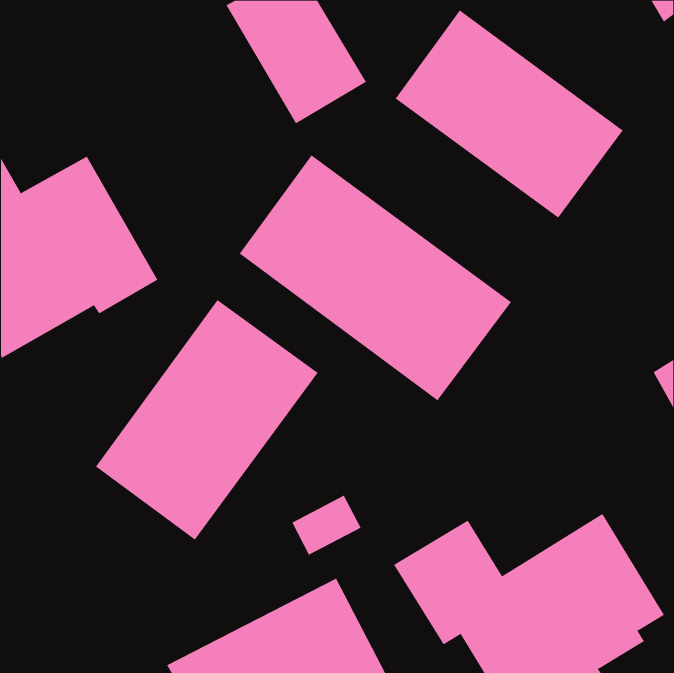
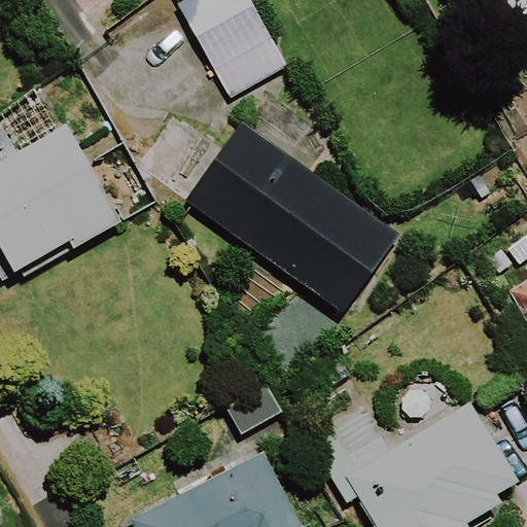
building: [395,9,624,219] -> none
building: [95,299,318,541] -> none

